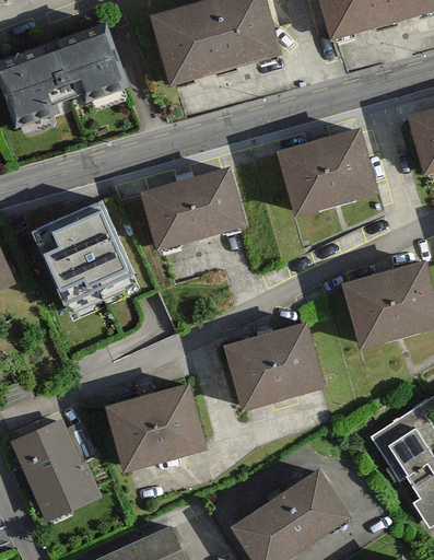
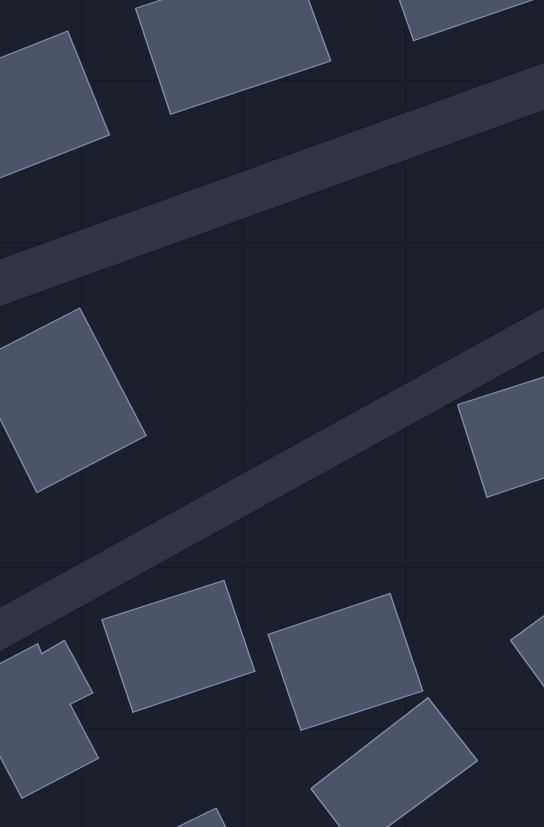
building: [279,133,374,215] -> none
building: [139,170,239,250] -> none
building: [226,320,325,406] -> [268,593,423,730]

